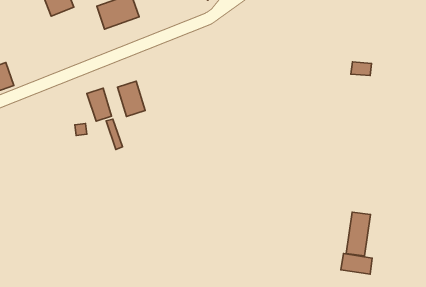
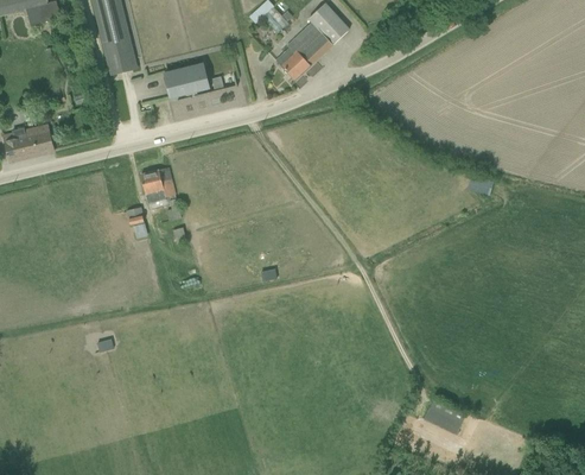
building: [117,81,145,117] -> none
building: [346,212,371,256] -> none

